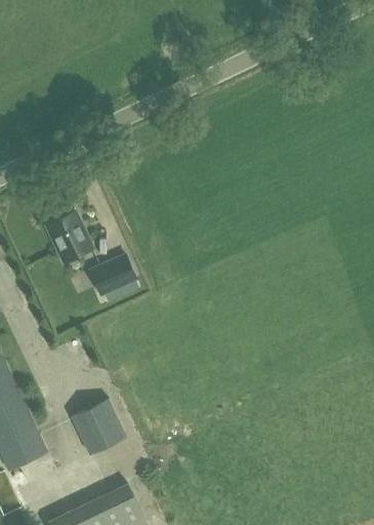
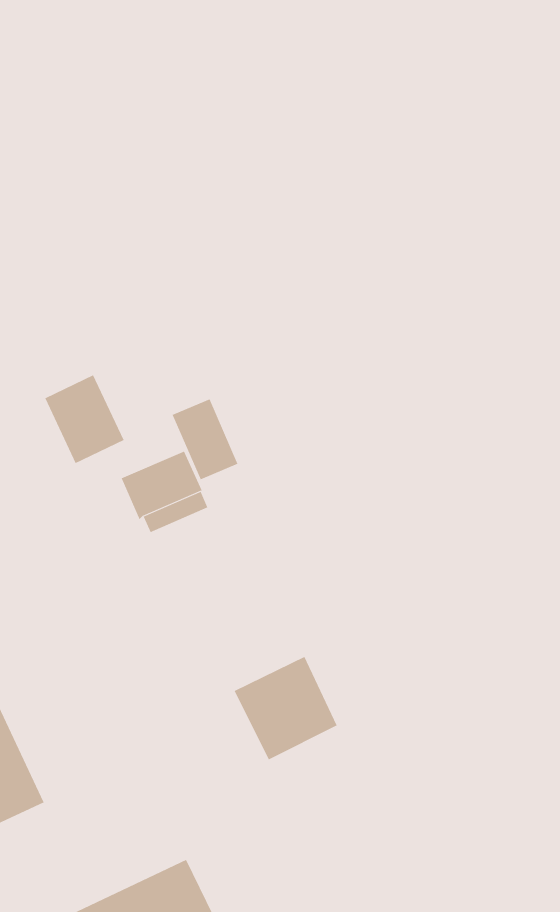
building: none -> [172,399,238,480]
building: [70,397,128,455] -> [234,656,338,760]

